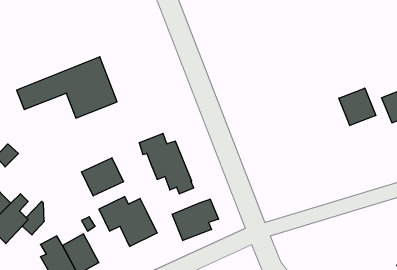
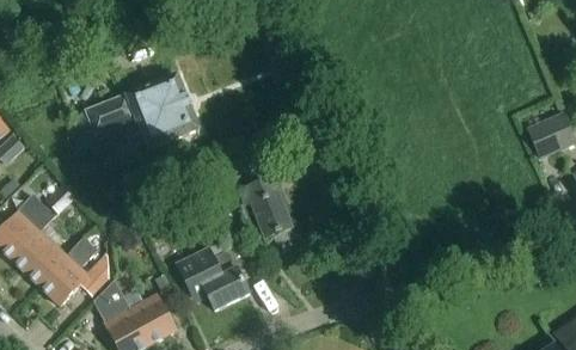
building: [339,88,376,126] -> none
building: [82,158,124,196] -> none
building: [172,199,218,241] -> none

